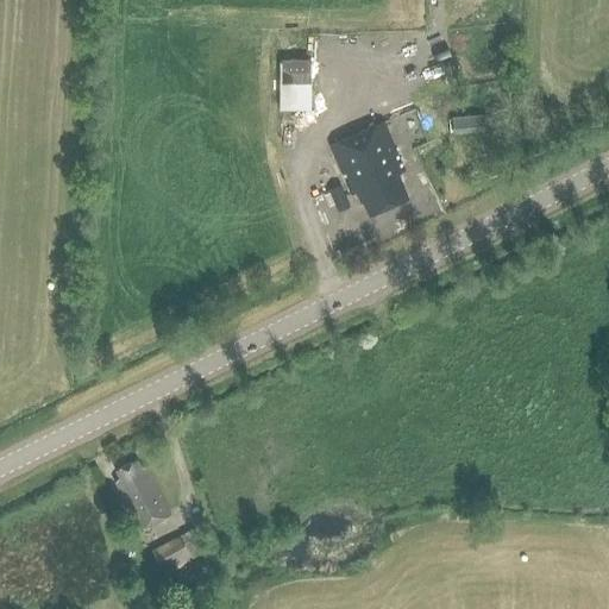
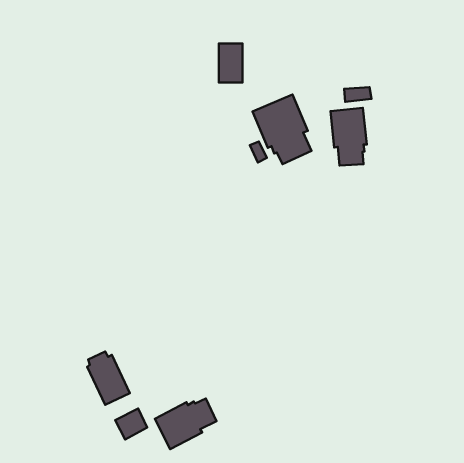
building: none -> [330,108,367,165]
building: none -> [155,398,216,449]

